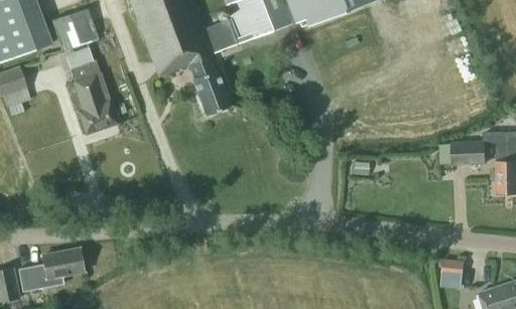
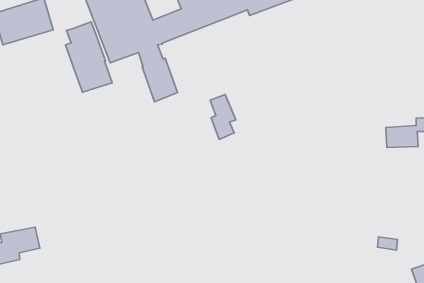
building: [68,59,117,134] -> [66,22,112,92]
building: none -> [210,94,236,139]

